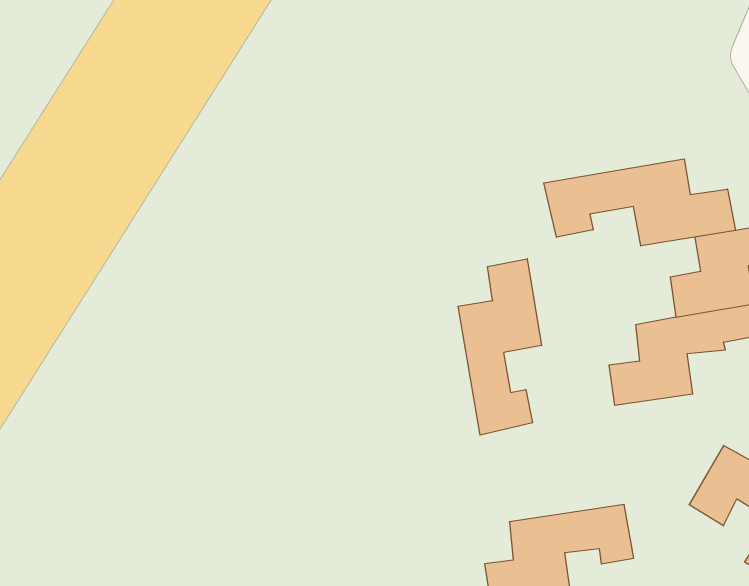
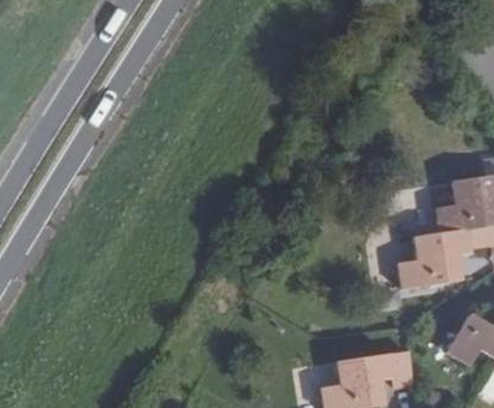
building: [544,159,736,246] -> none
building: [458,259,542,435] -> none

